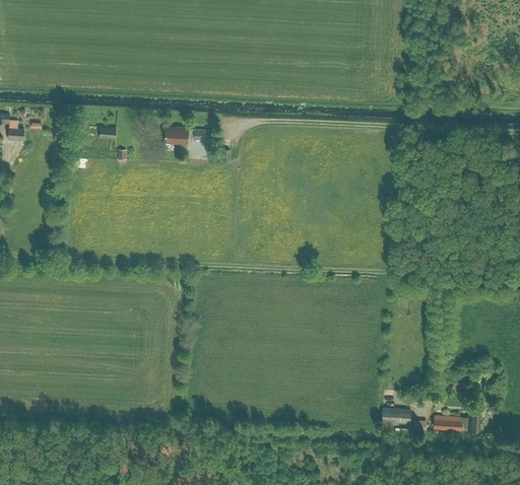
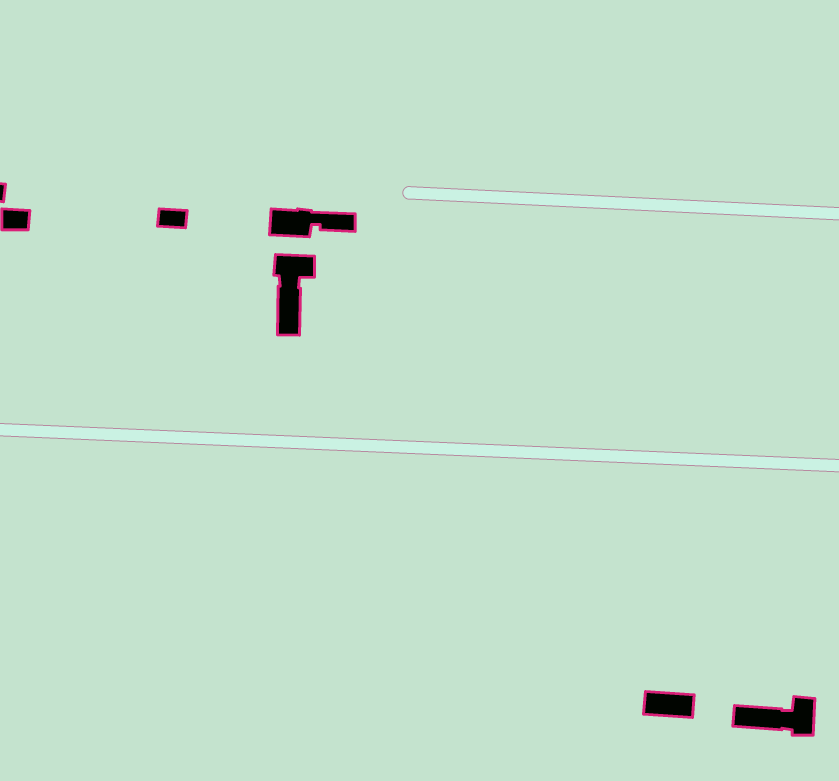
building: none -> [274,255,315,335]

